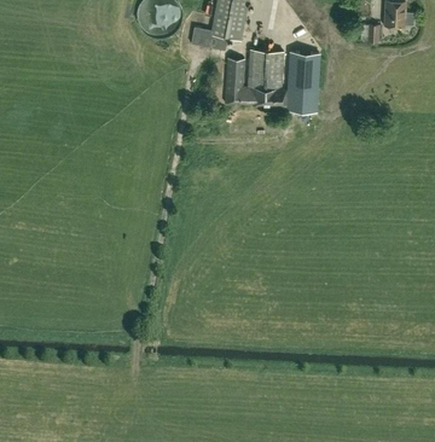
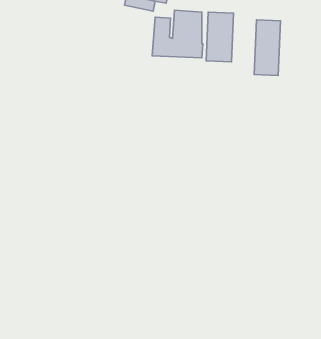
building: none -> [254,20,281,76]

